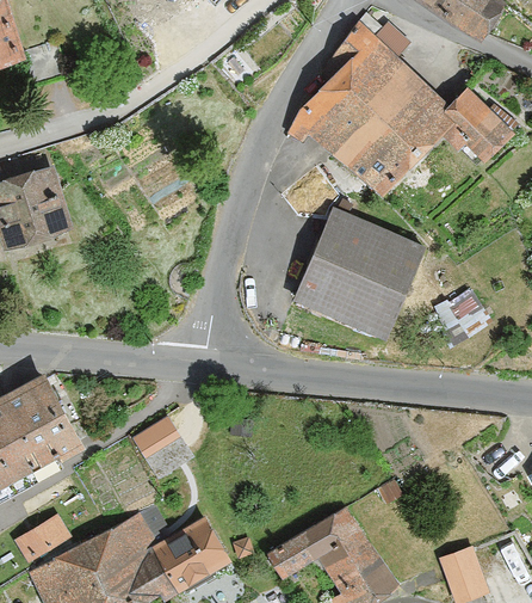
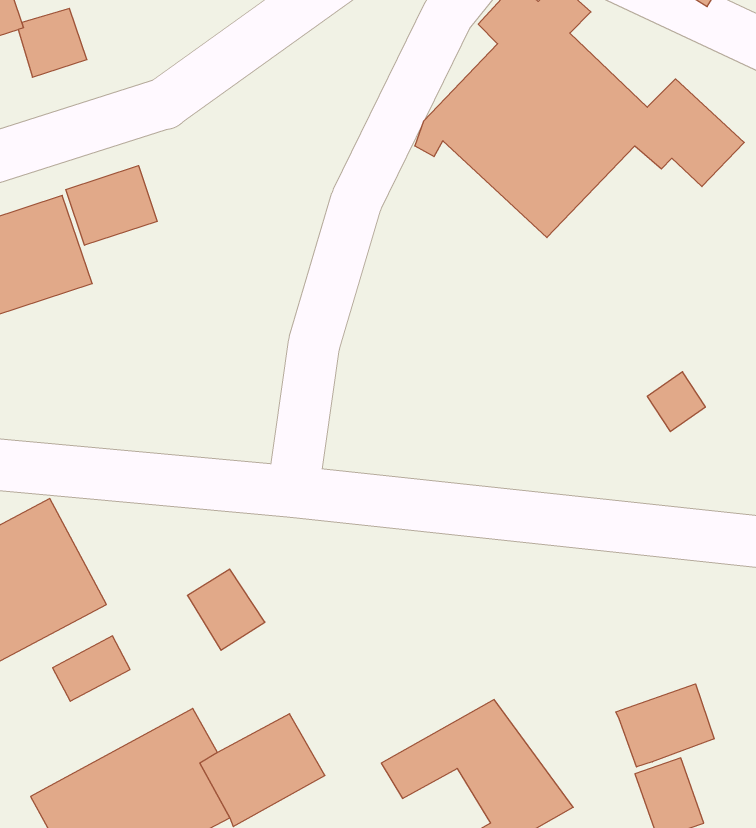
building: none -> [66,166,157,245]
building: [295,209,423,339] -> none
building: none -> [616,684,714,767]
building: [16,517,68,561] -> [53,636,130,701]

